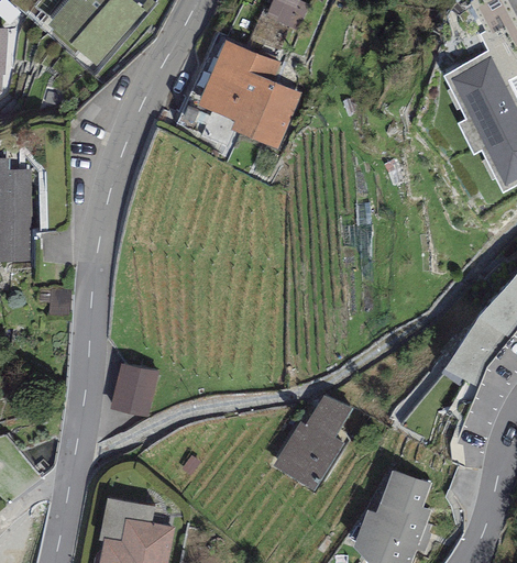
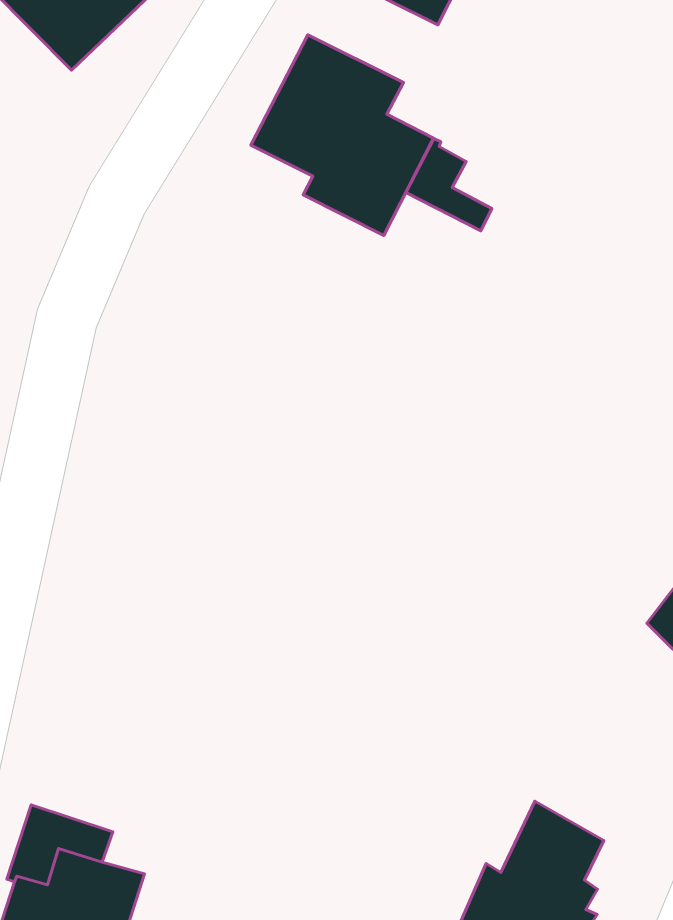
building: none -> [406,138,492,231]
building: [110,358,157,412] -> none
building: [273,388,350,486] -> none

